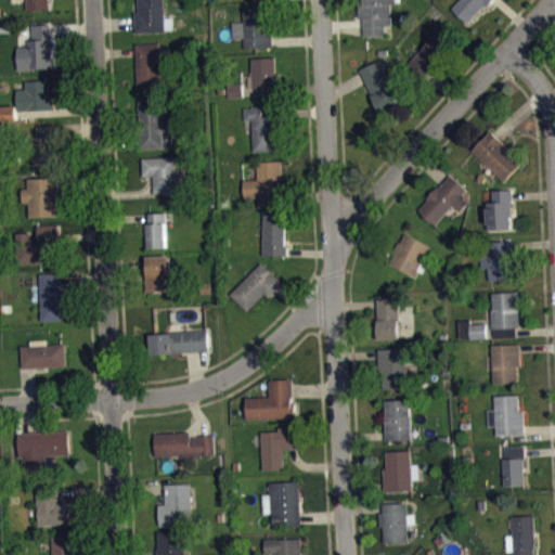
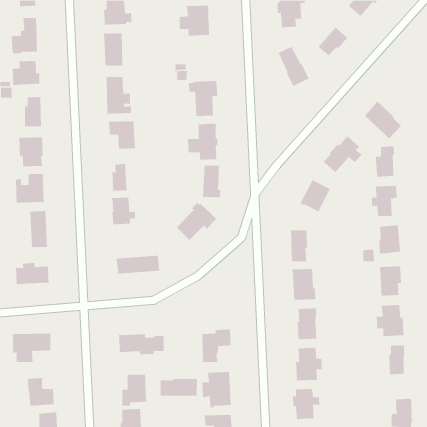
building: [249,59,279,89] -> none
building: [244,380,294,421] -> none
building: none -> [160,378,198,397]

